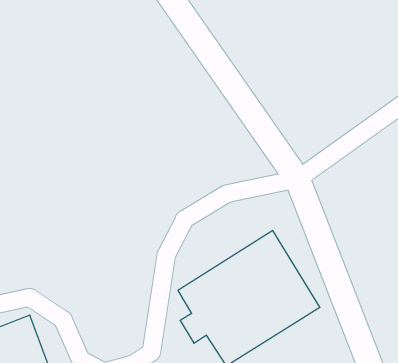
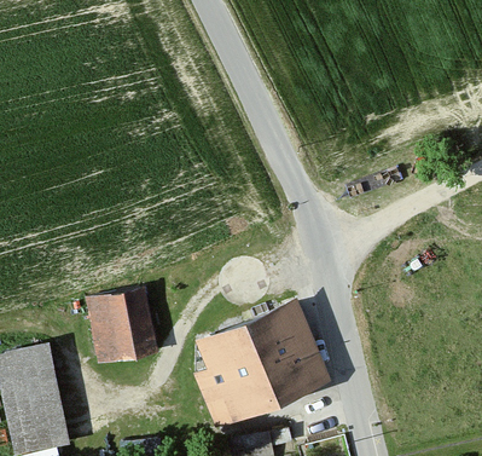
building: none -> [87,289,158,364]

